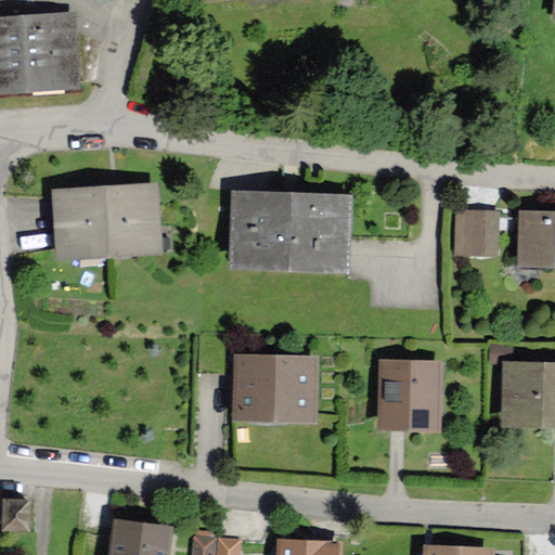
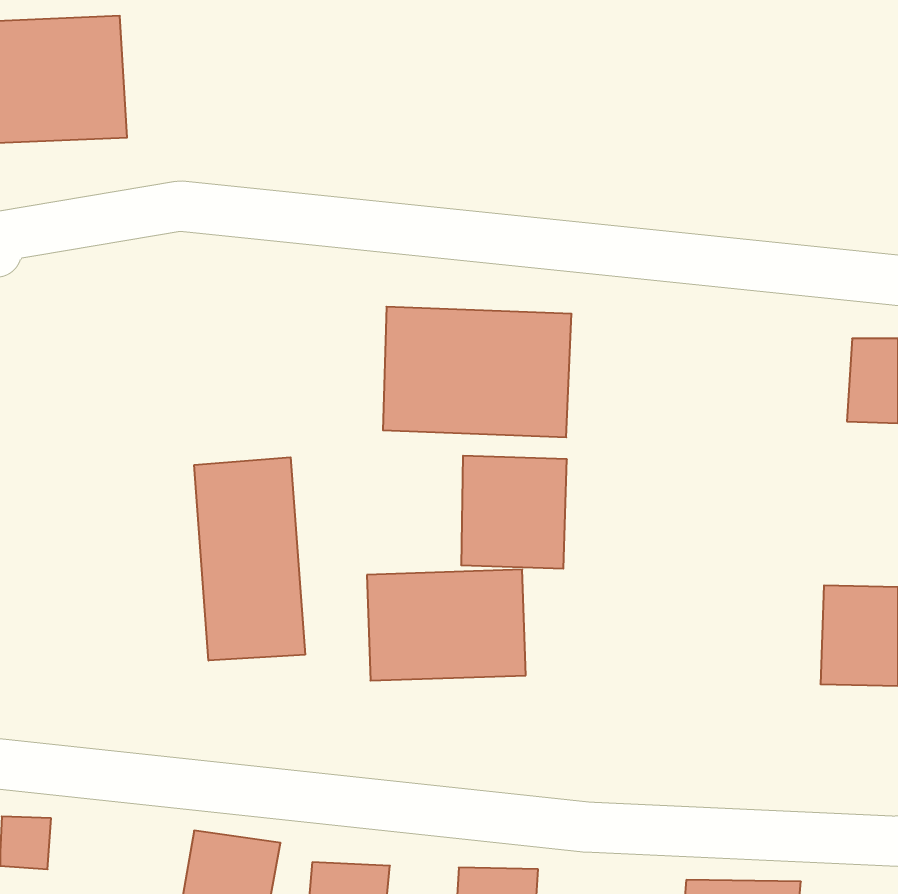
building: [50,182,158,256] -> none
building: [460,216,499,254] -> none
building: none -> [194,457,305,661]
building: [378,359,443,428] -> [461,456,567,569]

